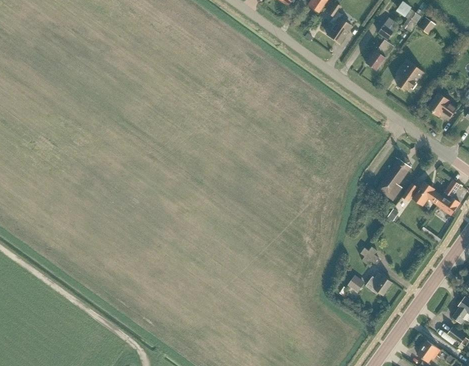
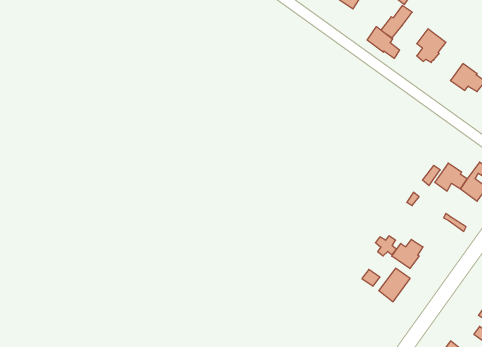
building: none -> [367,27,400,58]
building: [378,158,411,201] -> none
building: none -> [392,239,423,269]

